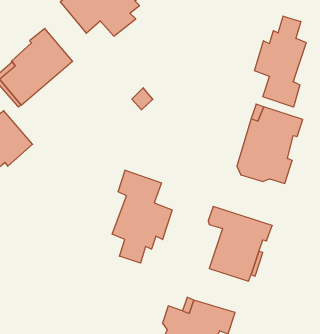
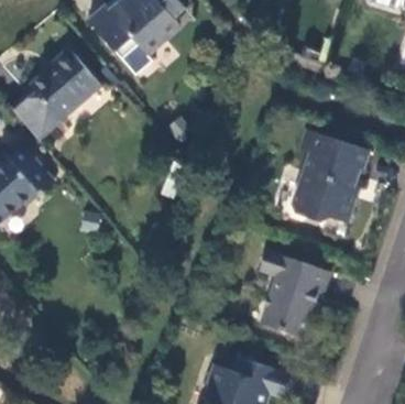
building: [255,16,306,107] -> none
building: [112,170,172,263] -> none

